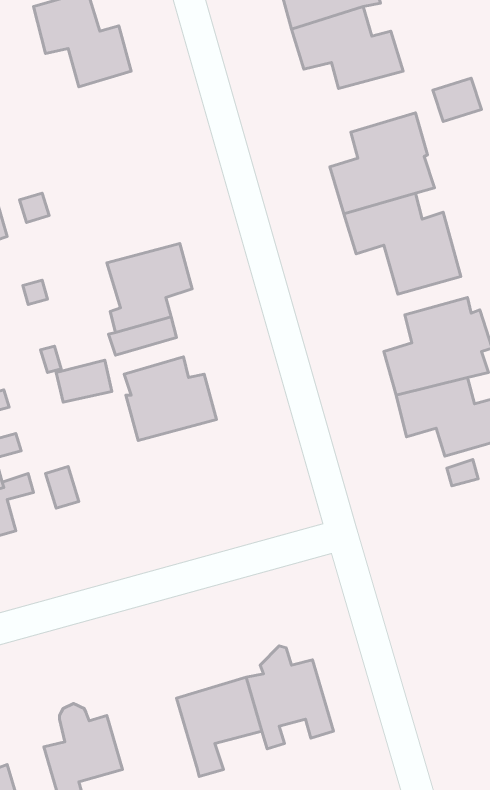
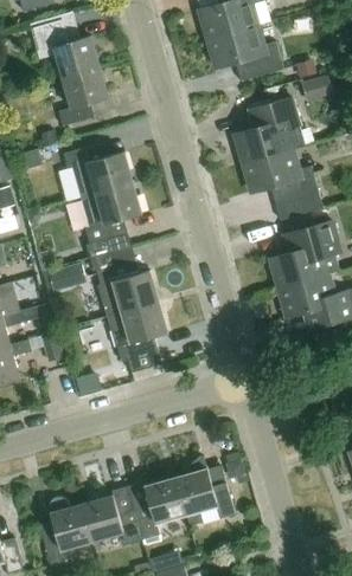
building: none -> [58,66,108,124]
building: none -> [65,143,132,196]
building: none -> [103,303,166,374]
building: none -> [82,491,143,545]

